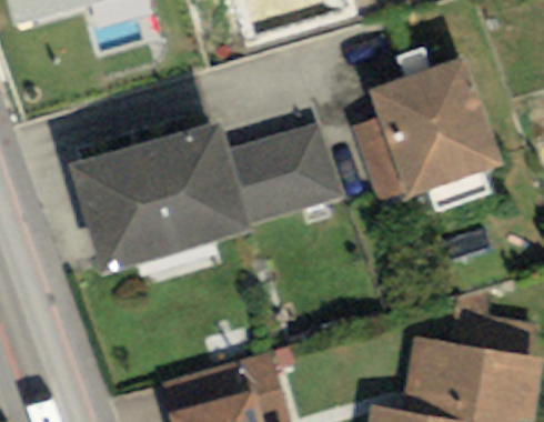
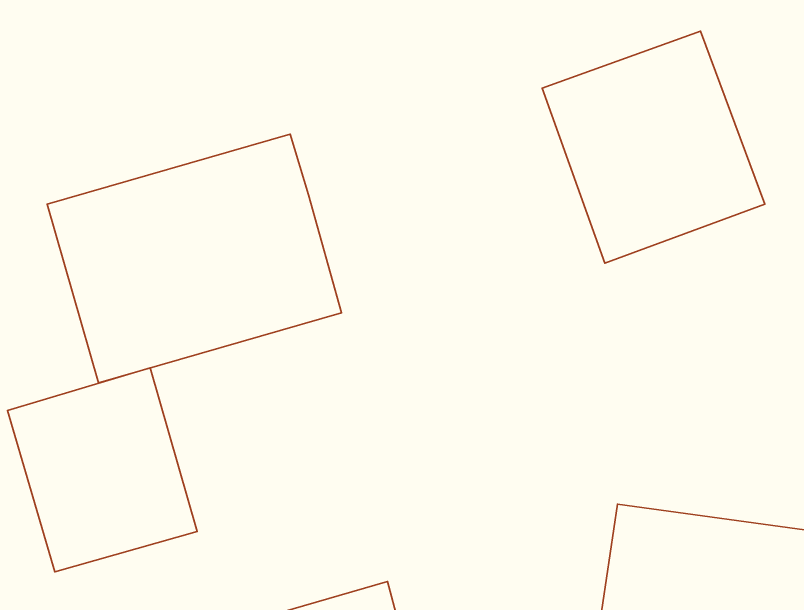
building: [228,124,341,223] -> none
building: none -> [8,368,197,572]

